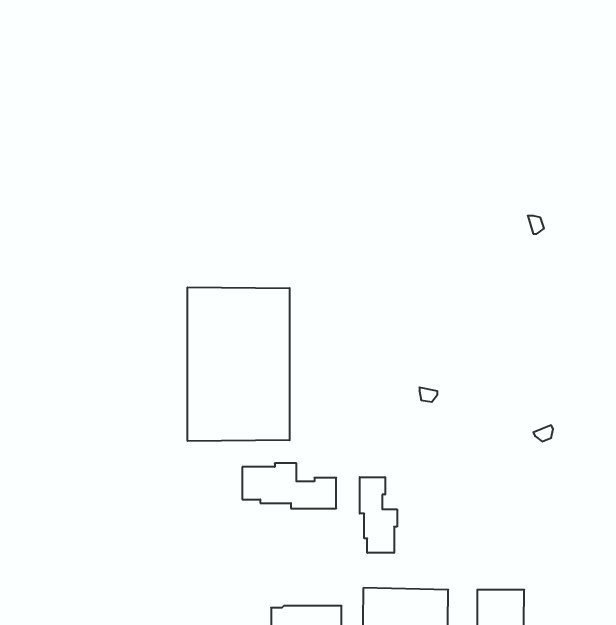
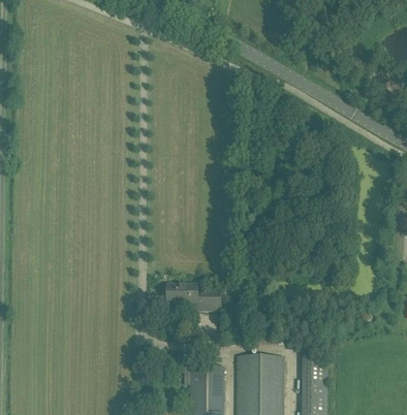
building: [188,287,290,441] -> none
building: [360,477,397,553] -> none

